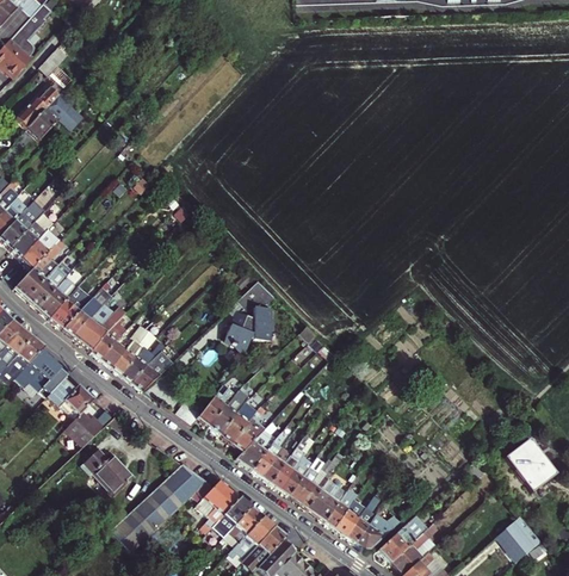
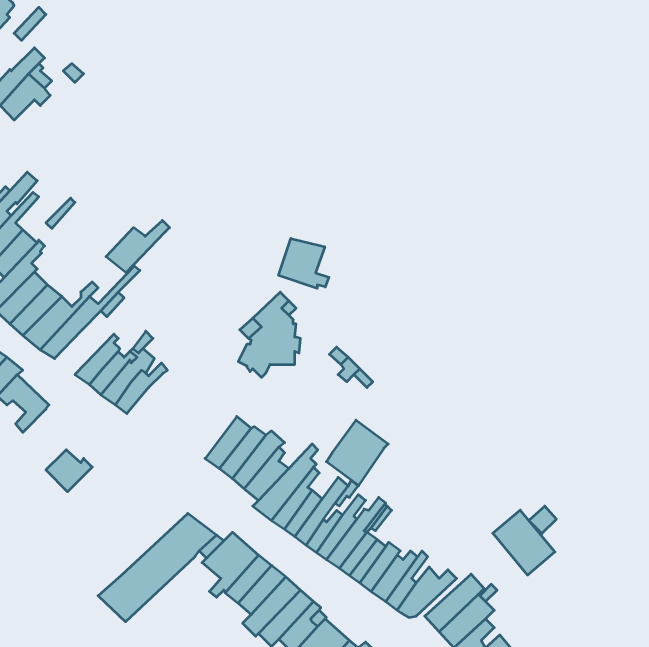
building: none -> [279,238,329,288]
building: [73,306,125,349] -> [106,220,170,272]
building: [132,348,174,390] -> none
building: [49,378,94,415] -> none
building: none -> [326,420,388,486]
building: [506,439,557,493] -> [493,510,555,575]
building: [81,448,135,496] -> none
building: [496,514,542,562] -> none

